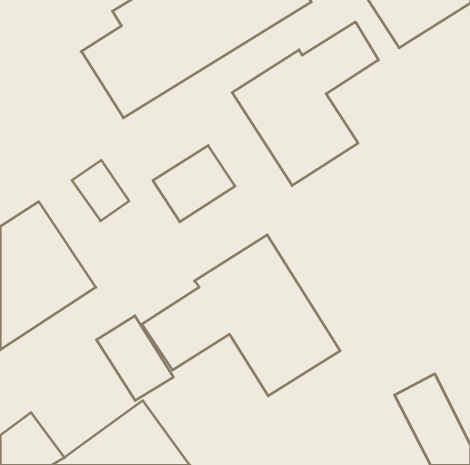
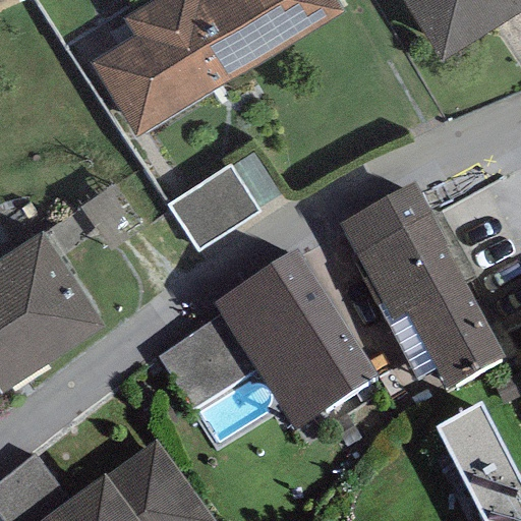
building: [232,22,379,186] -> none
building: none -> [341,191,506,396]
building: [96,316,173,401] -> none

